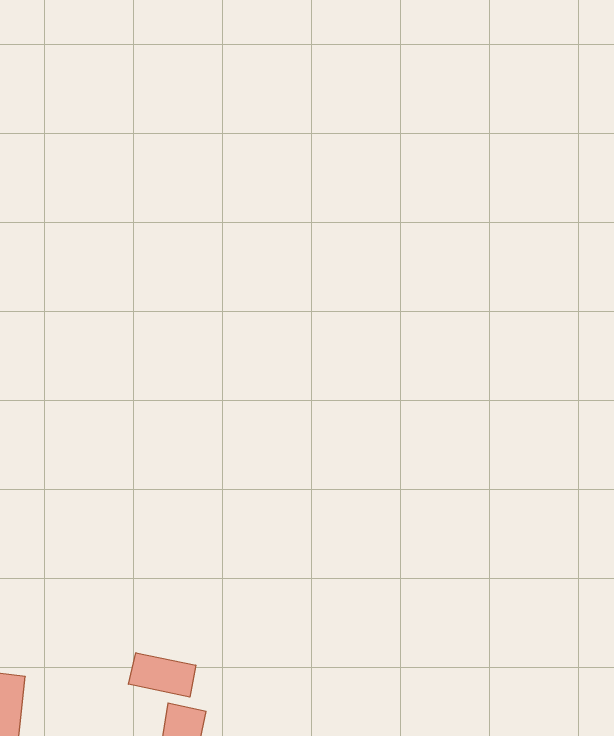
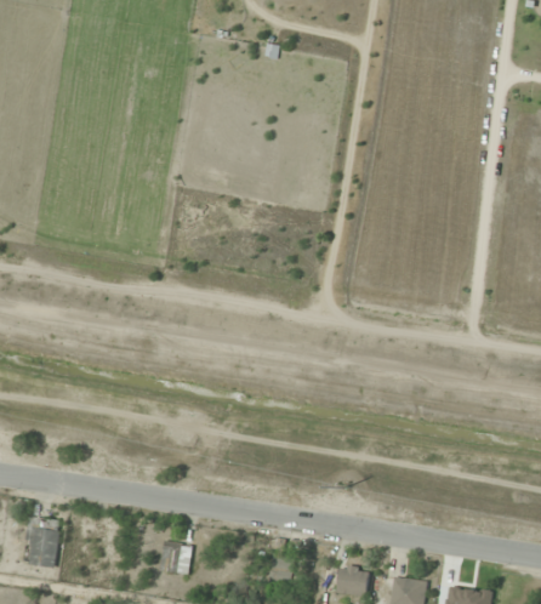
building: [128,653,196,697] -> none

